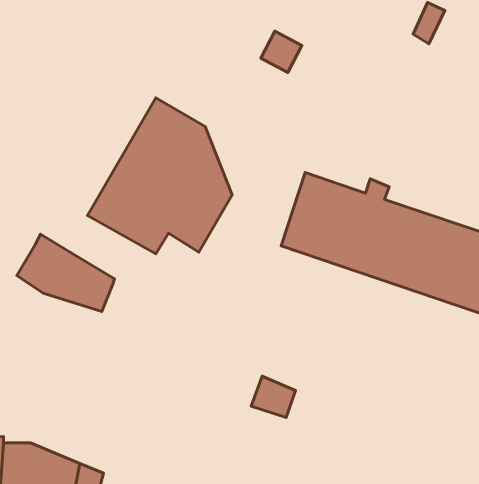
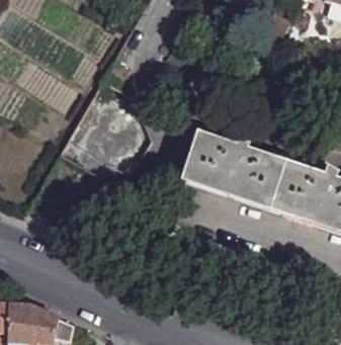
building: [17,234,115,311] -> none

